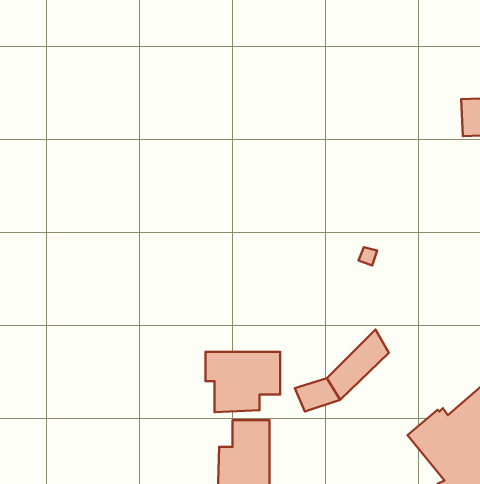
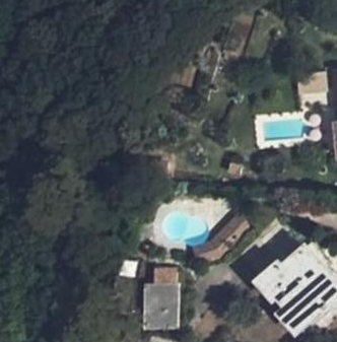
building: [205,352,280,412] -> none

